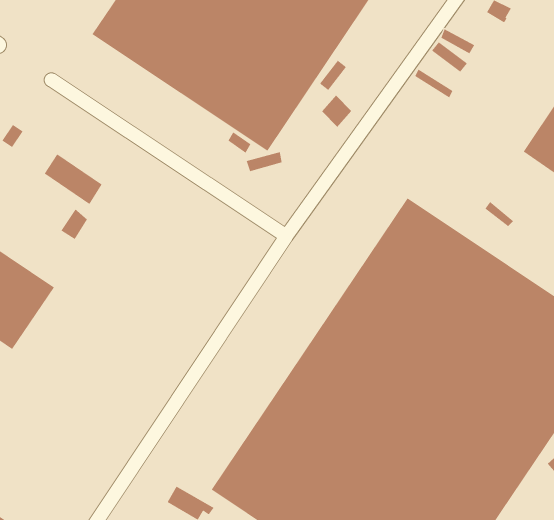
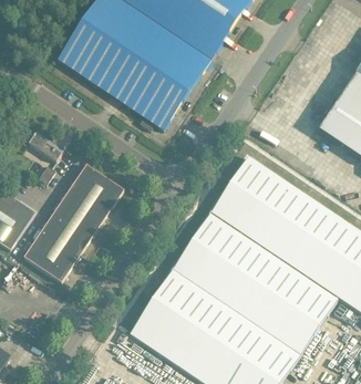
building: none -> [23,164,123,282]

